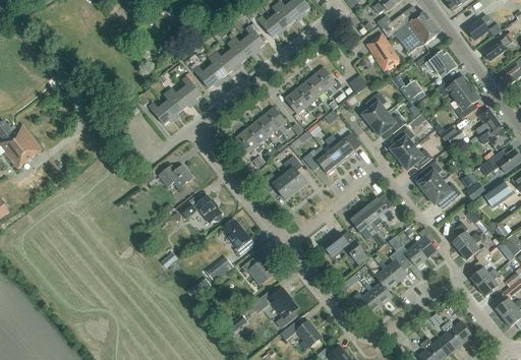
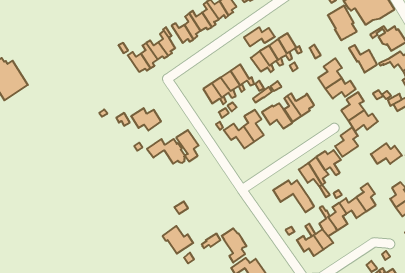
building: none -> [244,27,275,46]
building: [417,161,443,194] -> [335,127,358,157]
building: [223,221,248,255] -> [176,130,199,161]
building: [242,254,277,285] -> [163,226,193,254]

